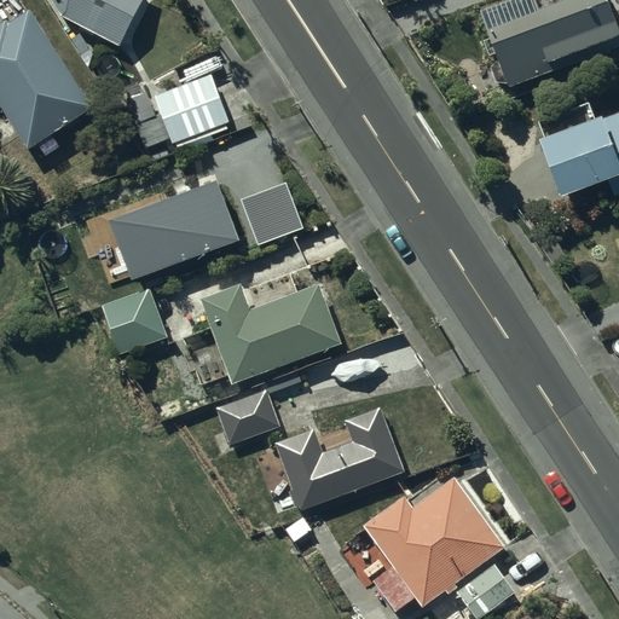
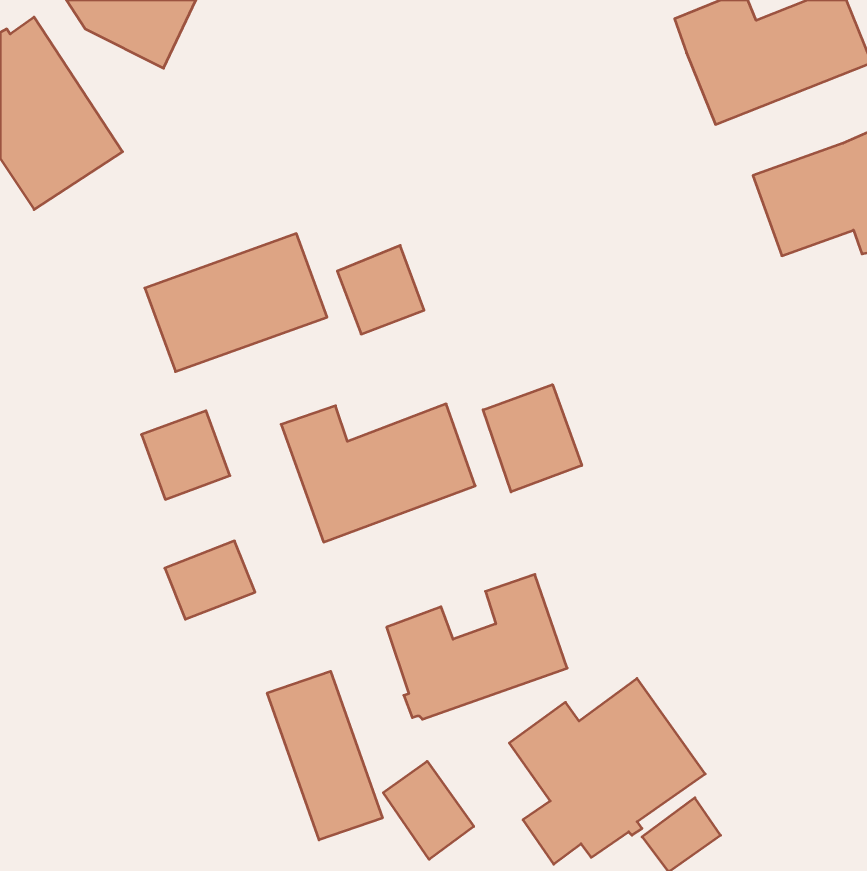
building: [151,64,227,138] -> none
building: none -> [483,385,582,492]
building: [216,391,280,446] -> [165,541,255,619]
building: none -> [267,671,382,840]
building: none -> [383,761,474,859]

